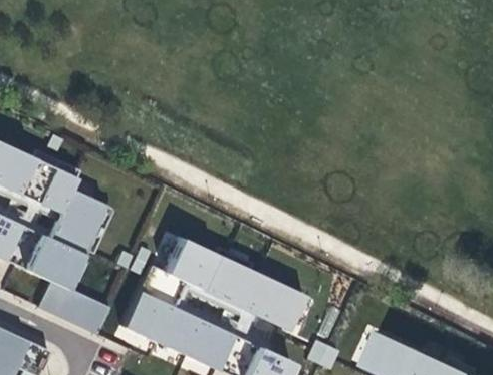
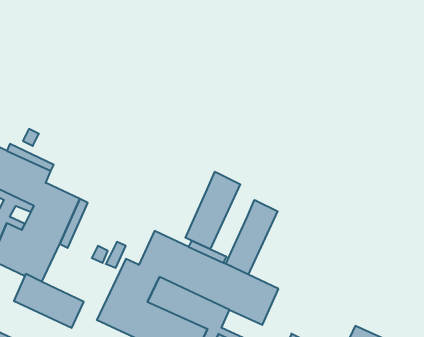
building: none -> [185,172,240,249]
building: none -> [226,200,278,275]

